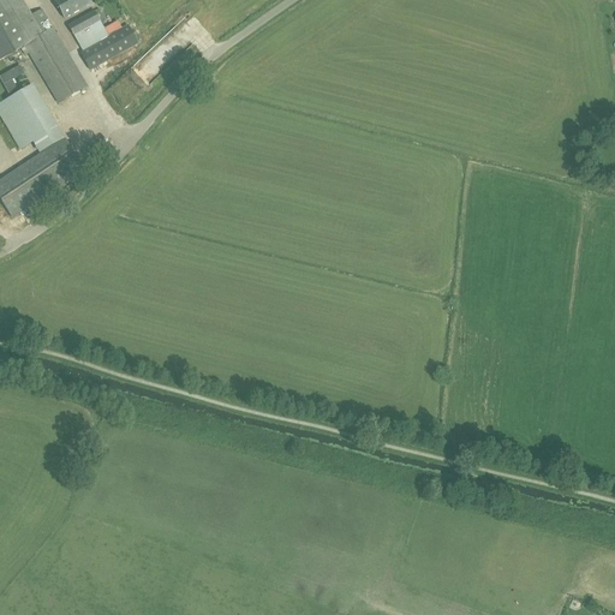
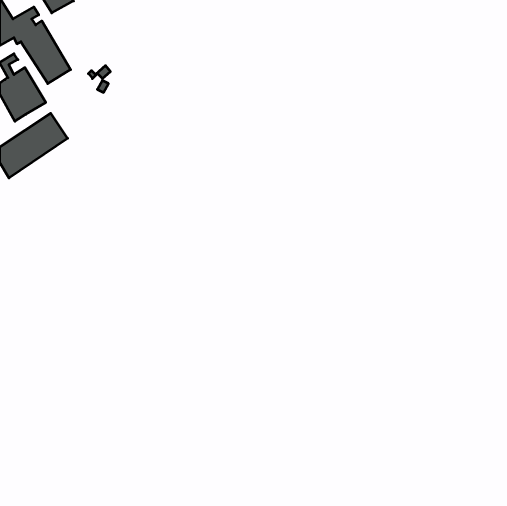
building: [66,8,136,67] -> none

